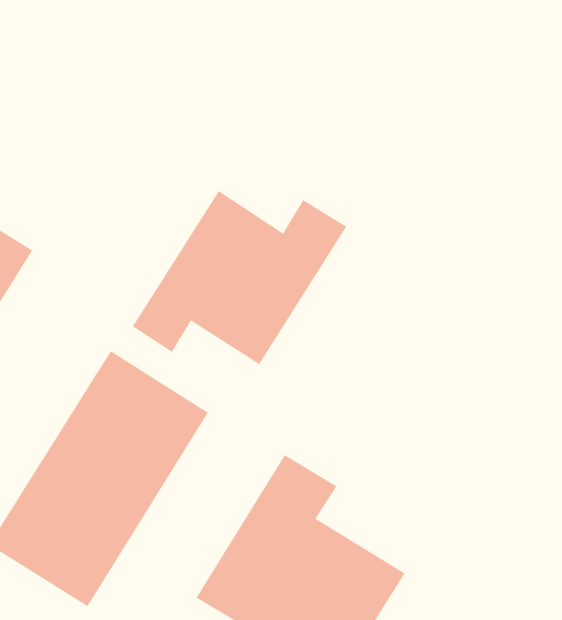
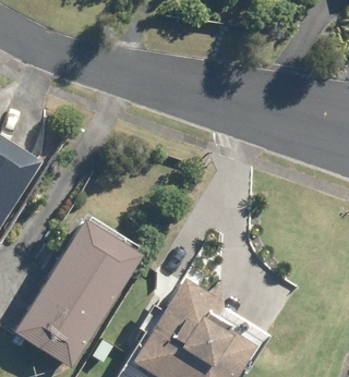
building: [132,190,347,365] -> none

